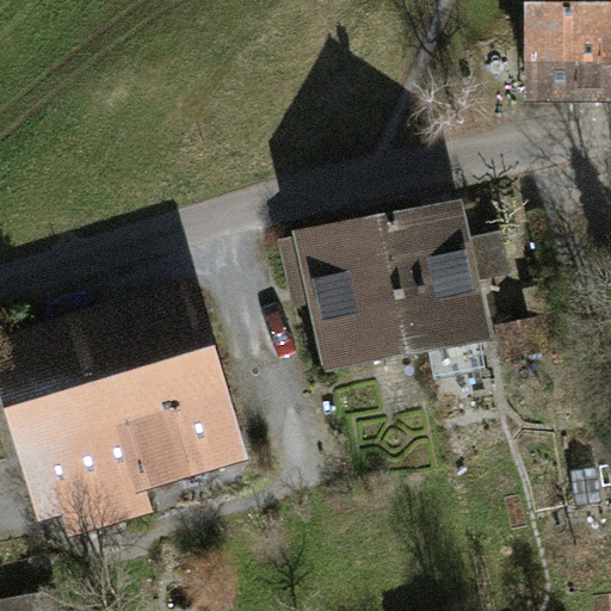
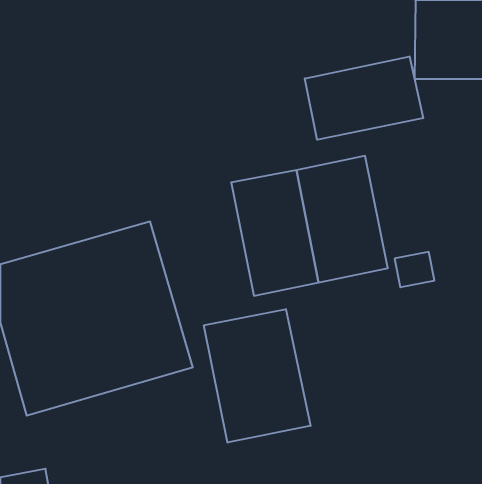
building: none -> [305,56,423,140]
building: none -> [204,309,311,443]

